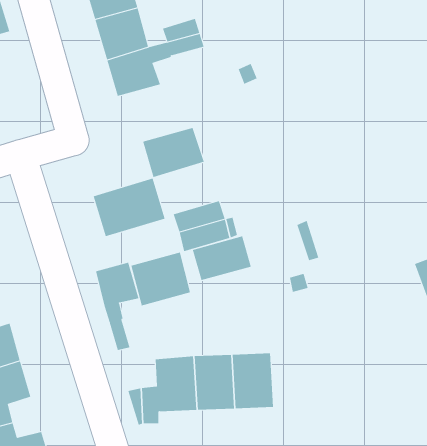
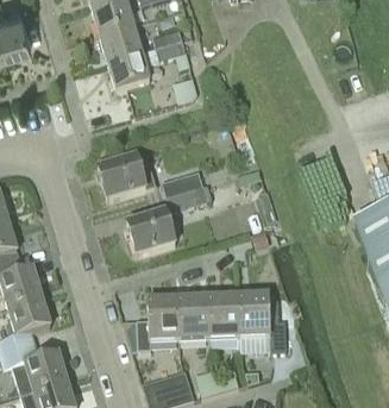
building: [143,127,204,178] -> none
building: [192,236,252,281] -> none
building: [96,262,139,351] -> none
building: none -> [238,291,286,352]

